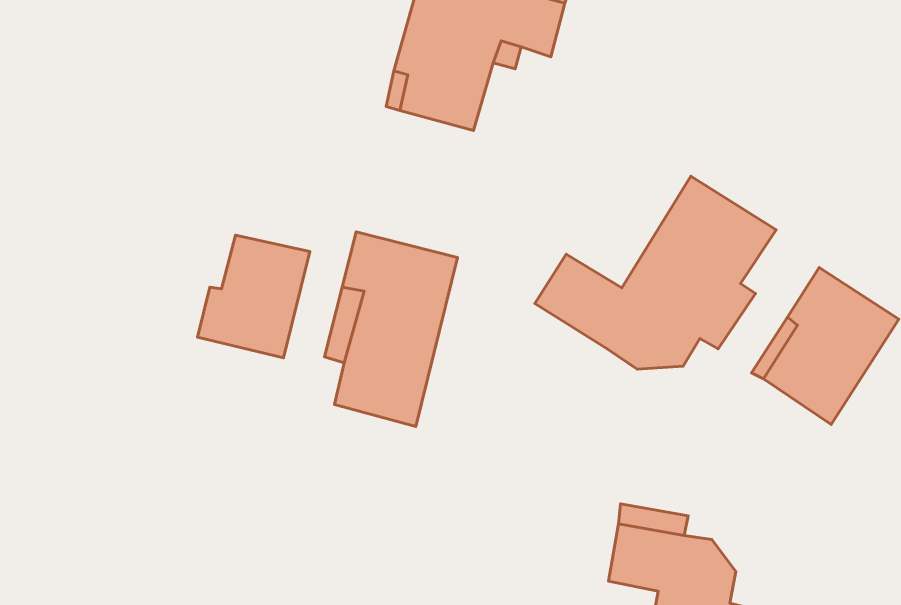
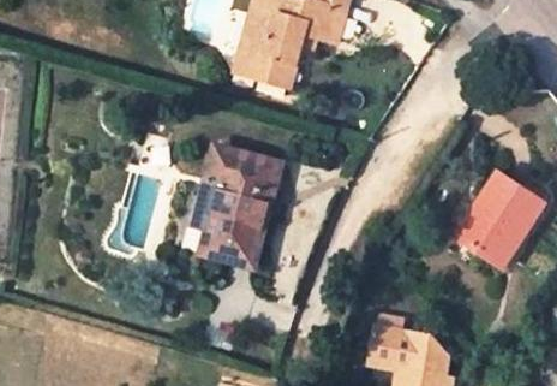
building: [535,176,776,369] -> none
building: [197,235,310,358] -> none

